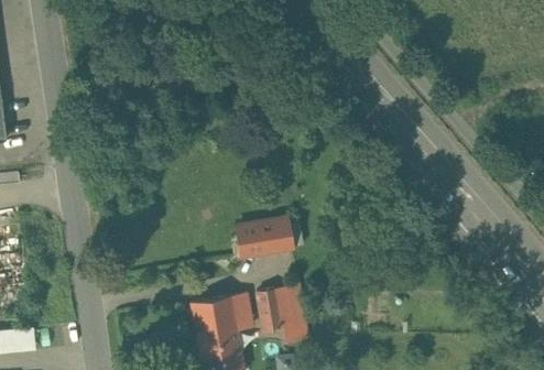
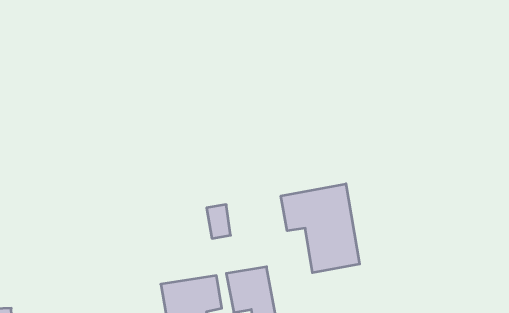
building: none -> [281,184,360,273]
building: [255,218,291,253] -> none

